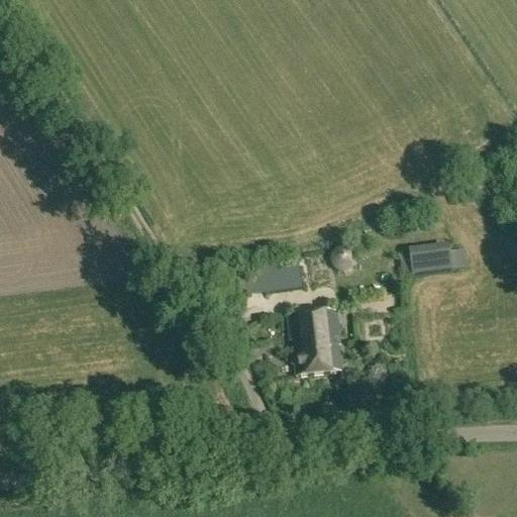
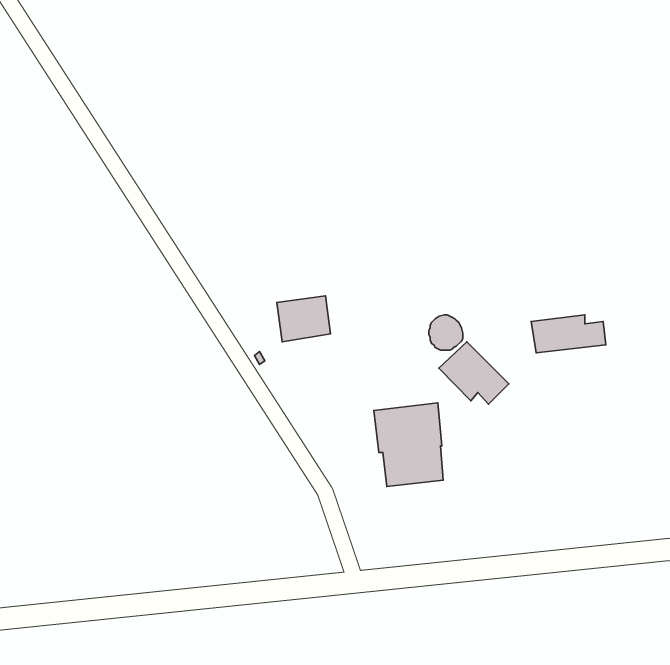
building: [261,256,302,292] -> [277,296,331,342]
building: none -> [439,342,509,404]

